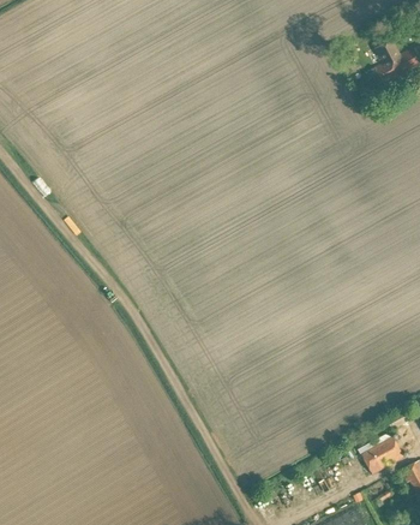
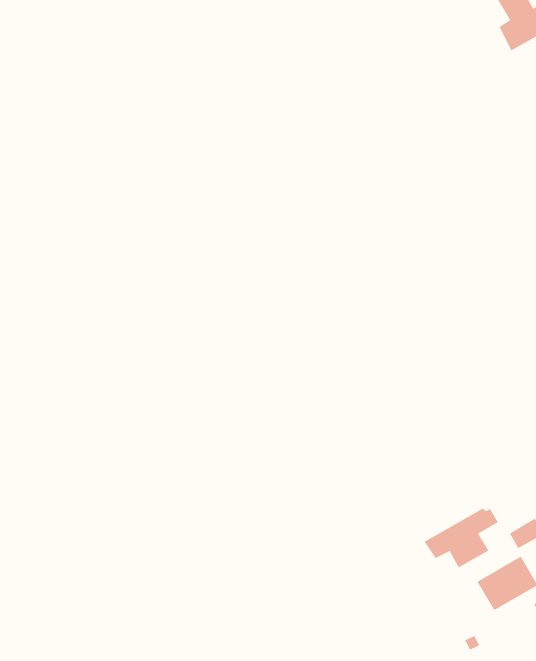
building: none -> [424,508,499,568]

